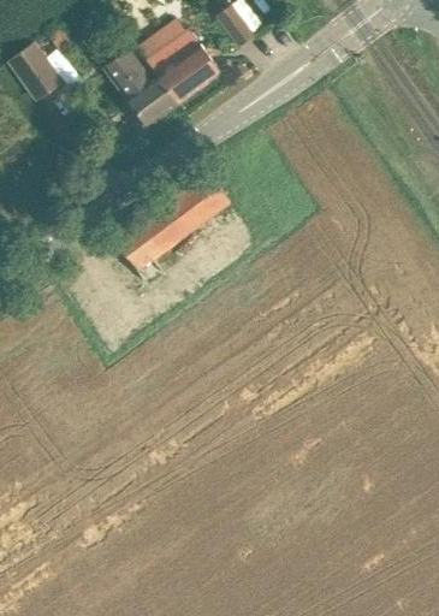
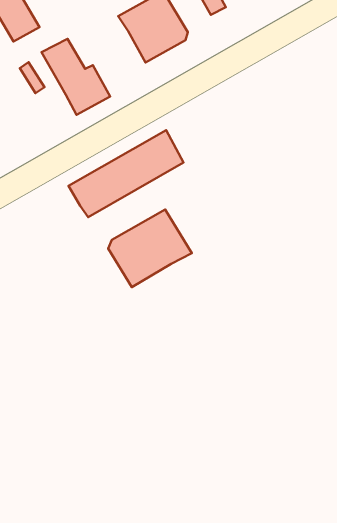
building: [101,49,177,126] -> [42,39,110,115]
building: none -> [108,210,192,287]

